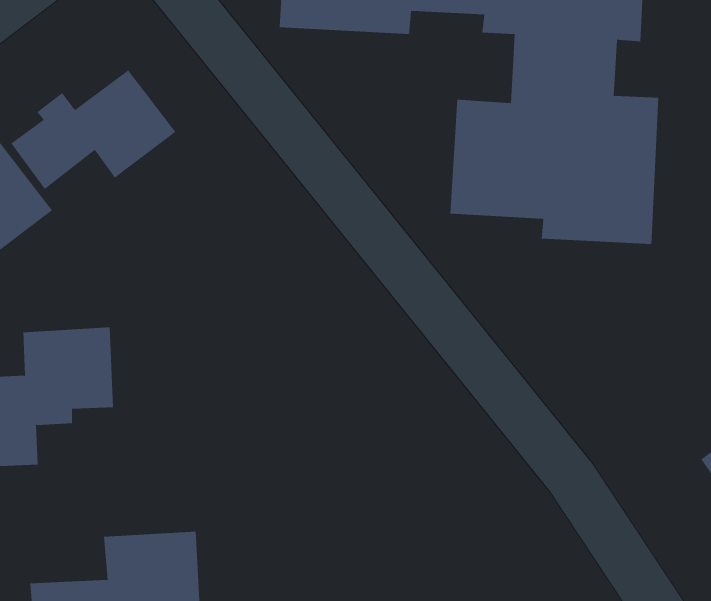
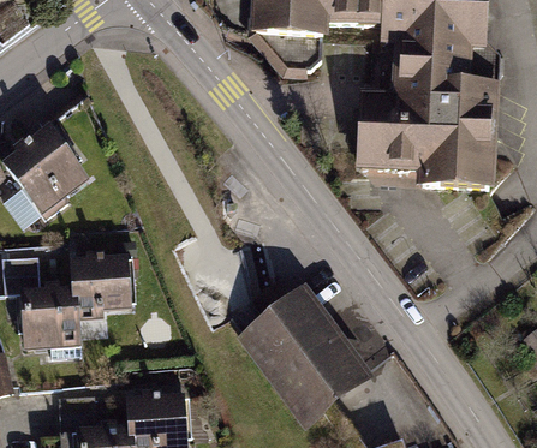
building: [11,69,176,190] -> none
building: none -> [235,282,376,428]

